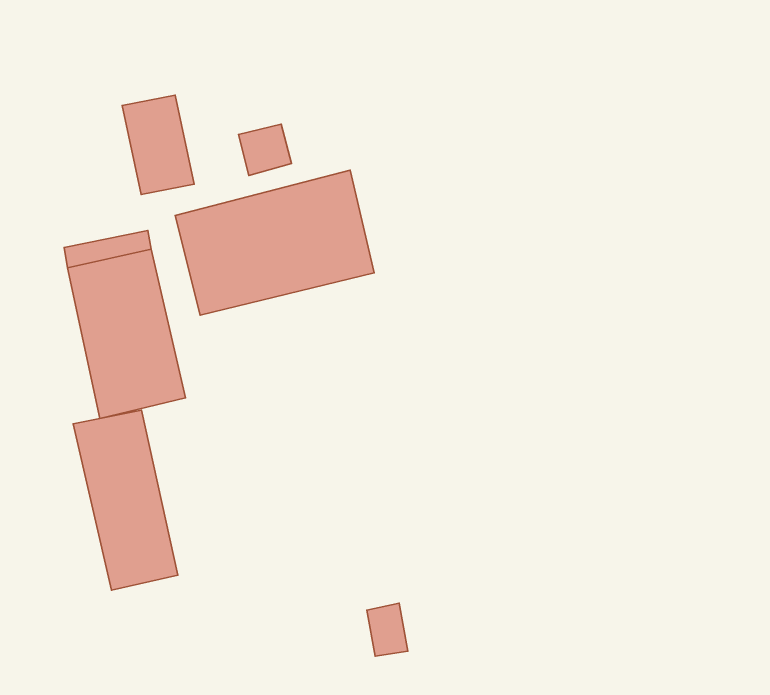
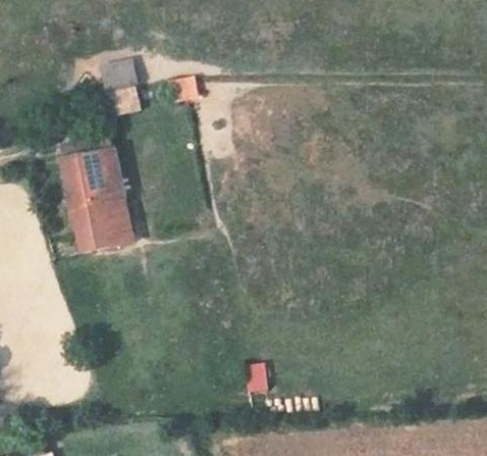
building: [175,170,374,315] -> none
building: [73,410,178,590] -> none

